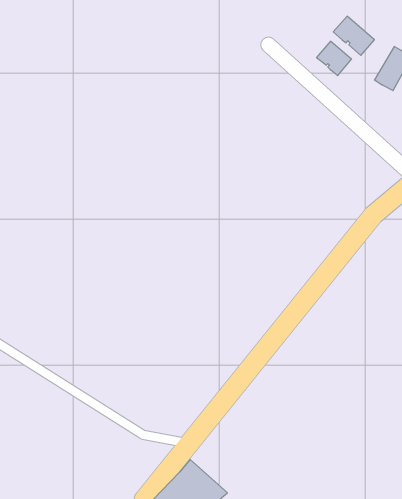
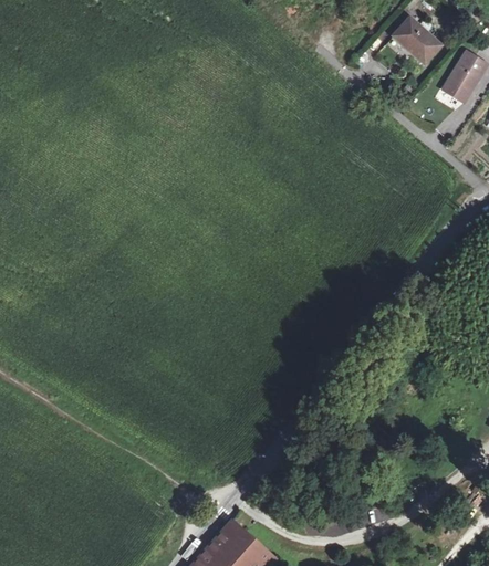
building: [317,41,351,76] -> none

